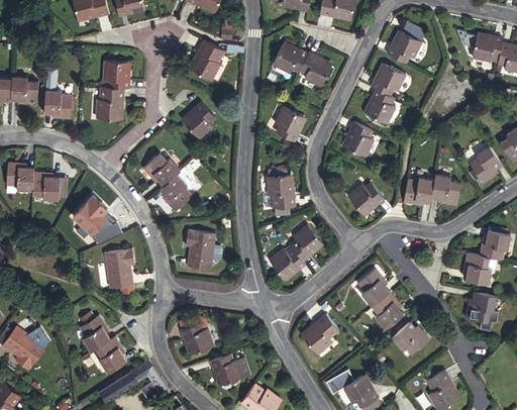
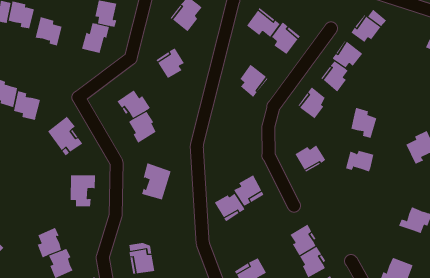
building: [263,170,294,210] -> none
building: [433,173,460,204] -> [350,107,377,138]
building: [463,254,493,287] -> none

